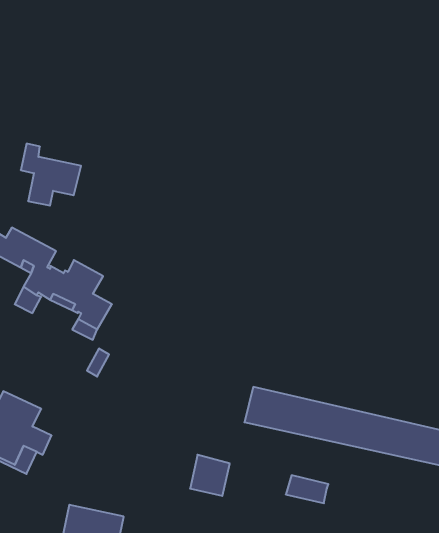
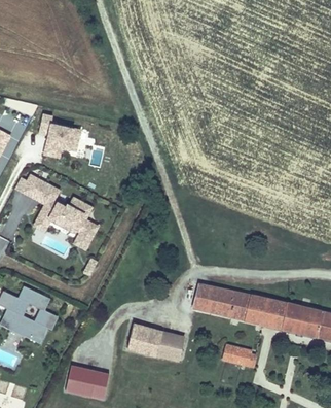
building: none -> [126,324,159,354]

